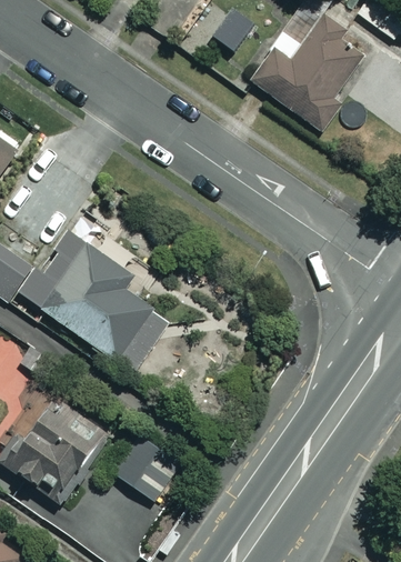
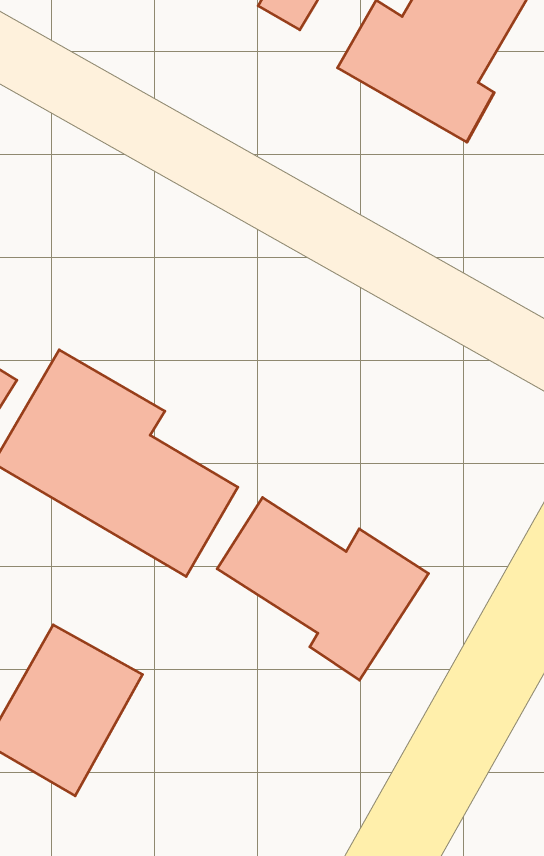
building: none -> [217,497,428,680]
building: [112,434,172,501] -> none

